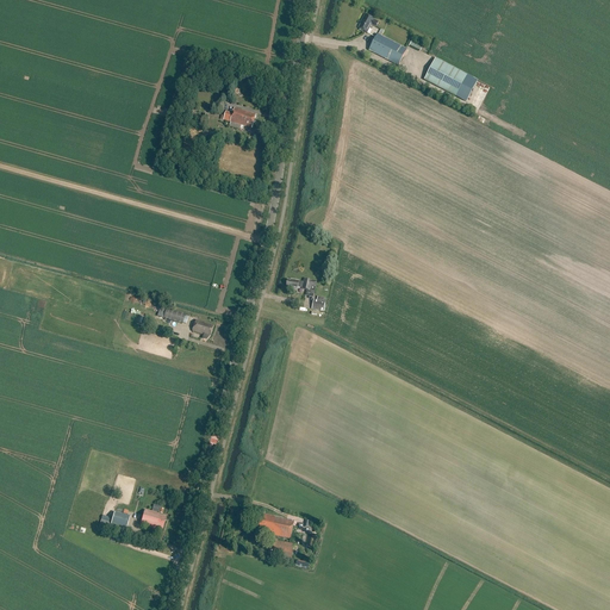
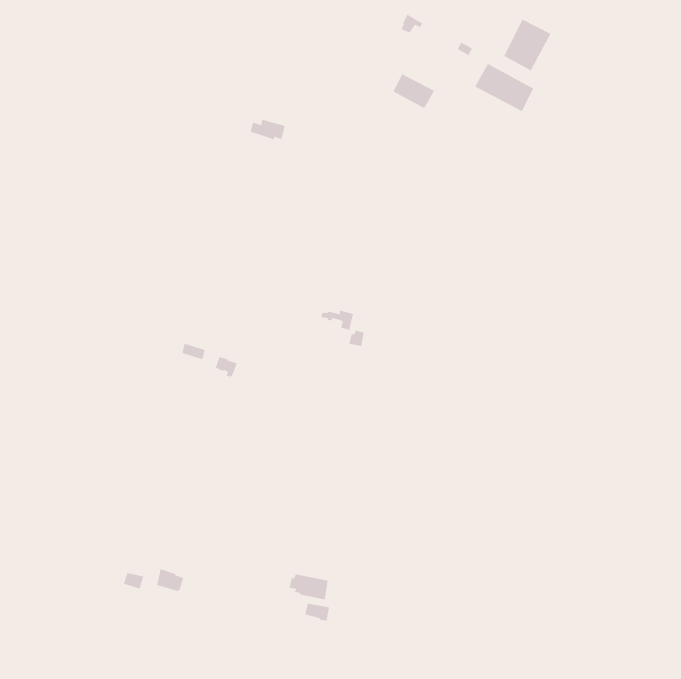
building: none -> [503,18,551,71]
building: [368,32,406,64] -> [392,73,435,109]

